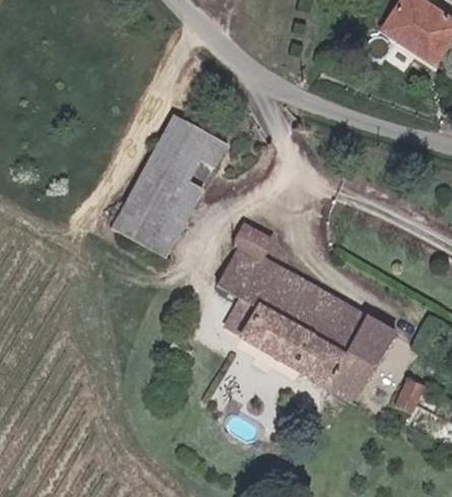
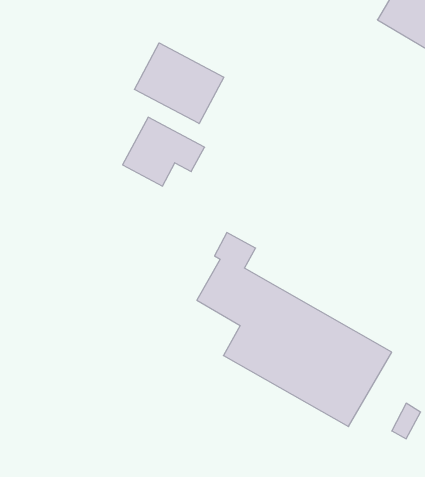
building: none -> [134,43,224,124]
building: [112,161,199,255] -> none

